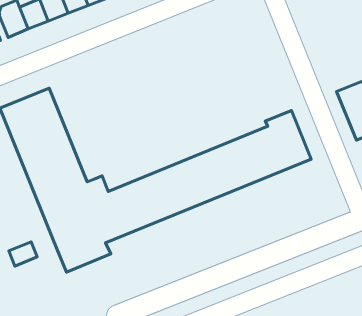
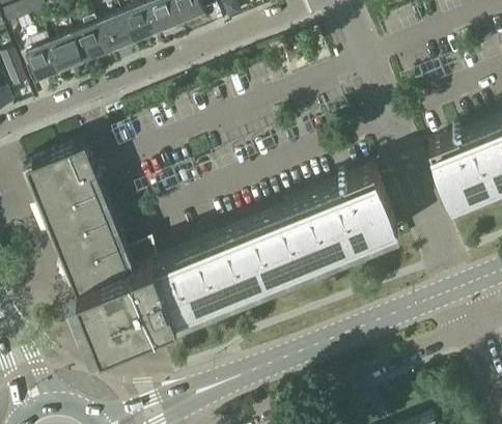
building: [9,242,37,266] -> none

